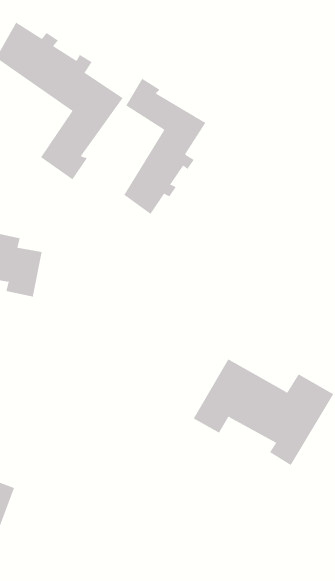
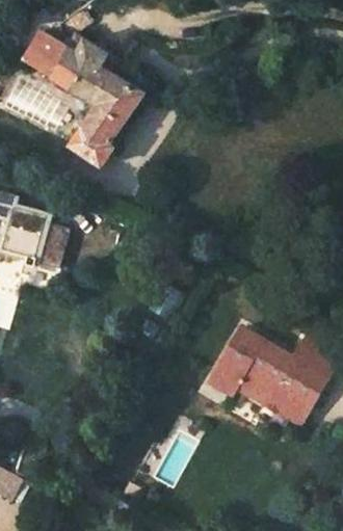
building: [123,78,206,215] -> none

